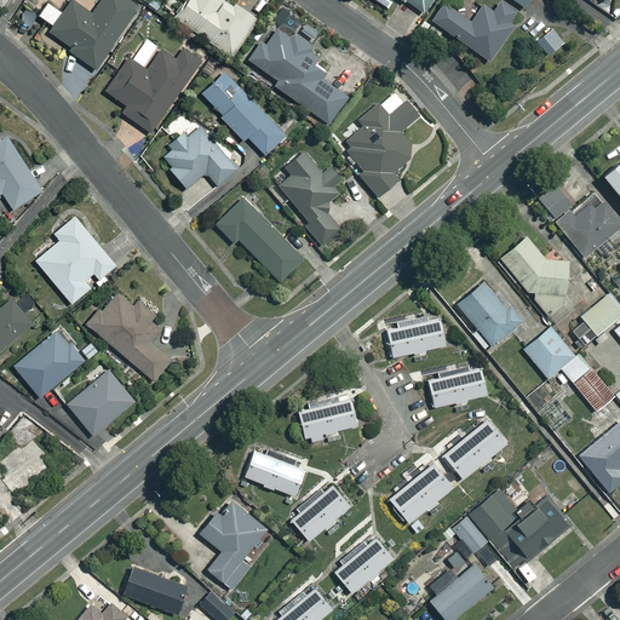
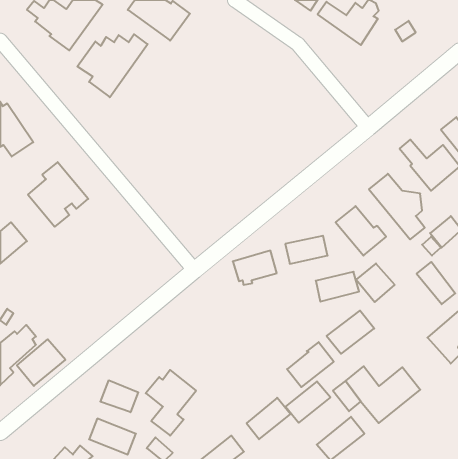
building: [251,27,348,122] -> none
building: [201,68,286,155] -> none
building: [348,101,418,195] -> none
building: [160,125,239,189] -> none
building: [279,149,343,243] -> none
building: [216,196,303,294] -> none
building: [91,295,176,381] -> none
building: [523,326,575,378] -> [356,263,395,302]
building: [18,332,90,400] -> none
building: [71,372,137,435] -> [17,339,65,386]
building: [297,395,356,441] -> [233,251,277,285]
building: [245,449,305,494] -> none
building: [291,484,351,540] -> [285,381,330,423]
building: none -> [100,380,138,412]

